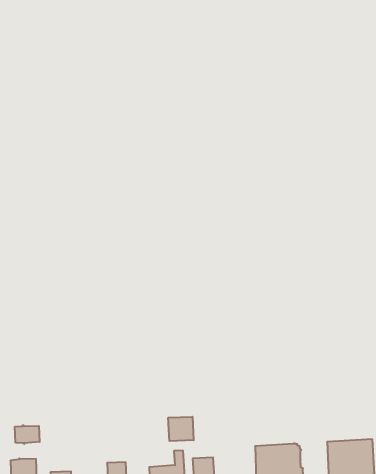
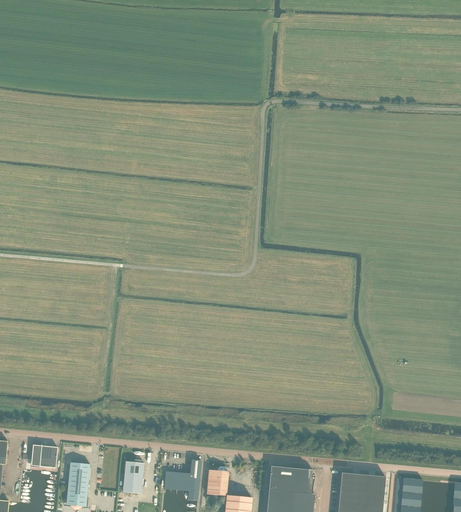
building: [168,417,194,441] -> none
building: [15,425,40,444] -> none

